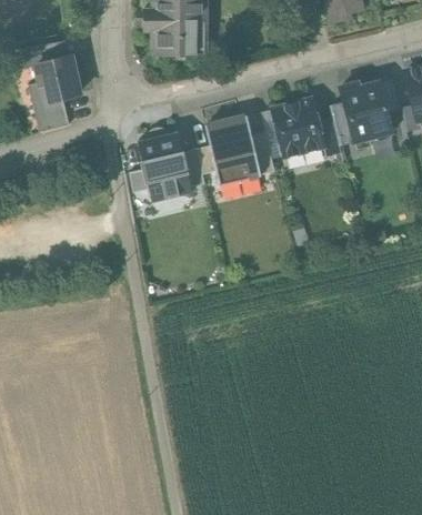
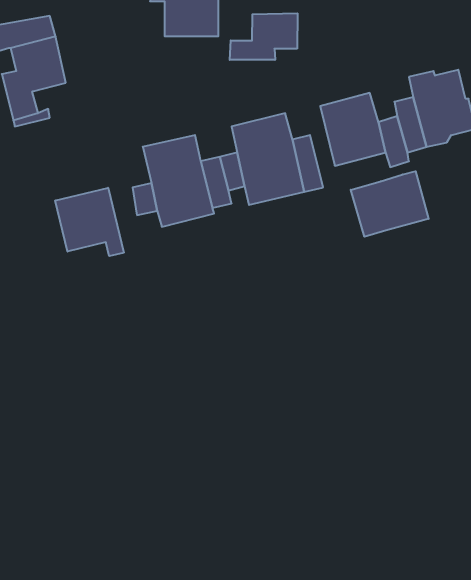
building: none -> [230,13,297,60]
building: none -> [351,171,429,237]
building: none -> [55,188,124,256]

